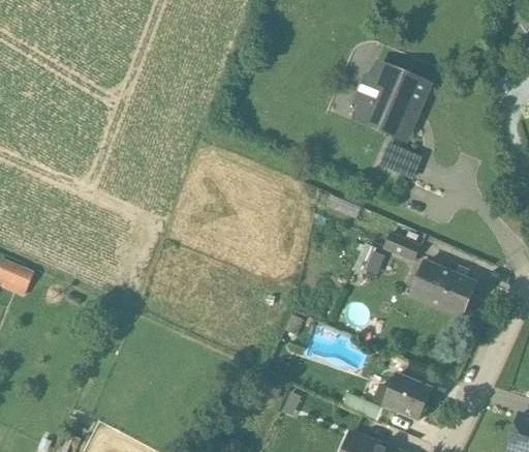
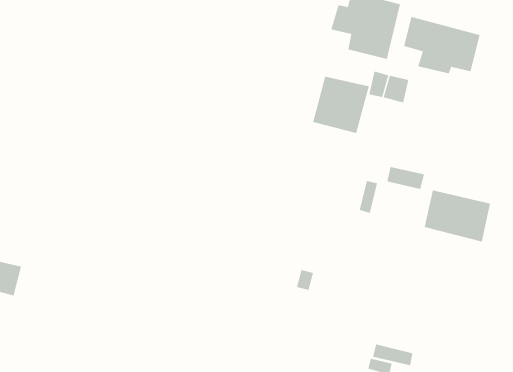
building: none -> [403,16,480,74]
building: none -> [313,76,369,134]
building: [382,375,431,421] -> none

